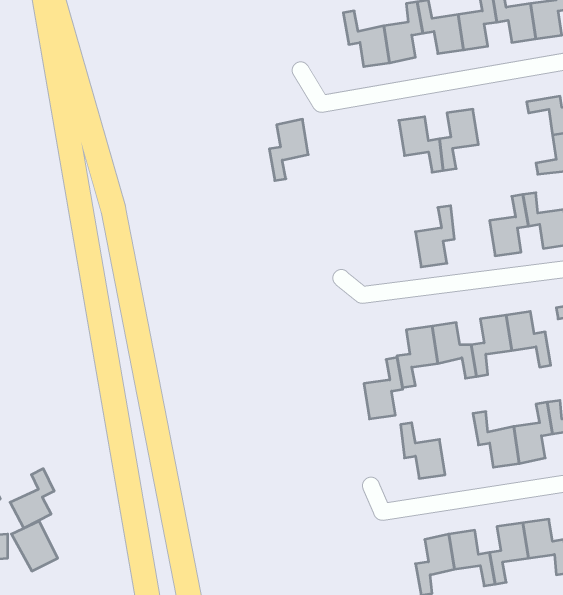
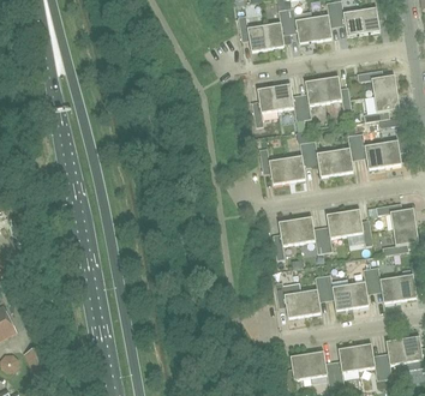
building: none -> [322,76,351,112]
building: [269,119,308,181] -> [252,85,277,125]
building: none -> [307,139,336,175]
building: none -> [259,148,288,182]
building: [364,358,403,419] -> [300,275,325,314]
building: [10,469,54,528] -> none

